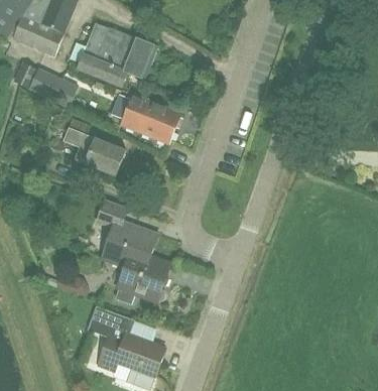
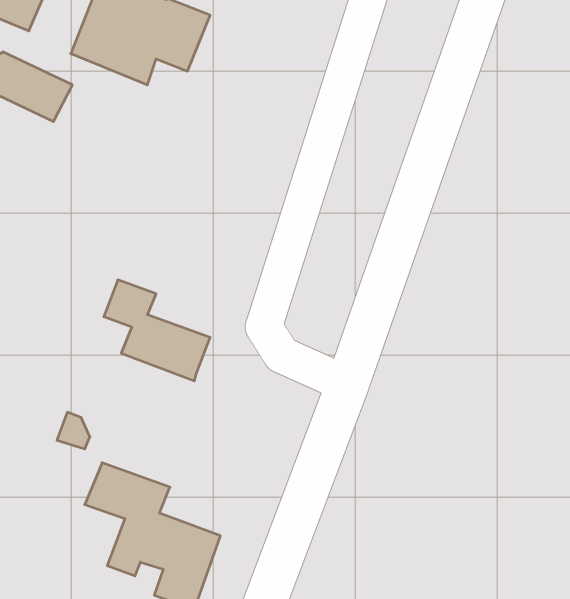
building: [121,94,180,142] -> none
building: [64,127,125,175] -> none
building: [101,242,171,302] -> none

